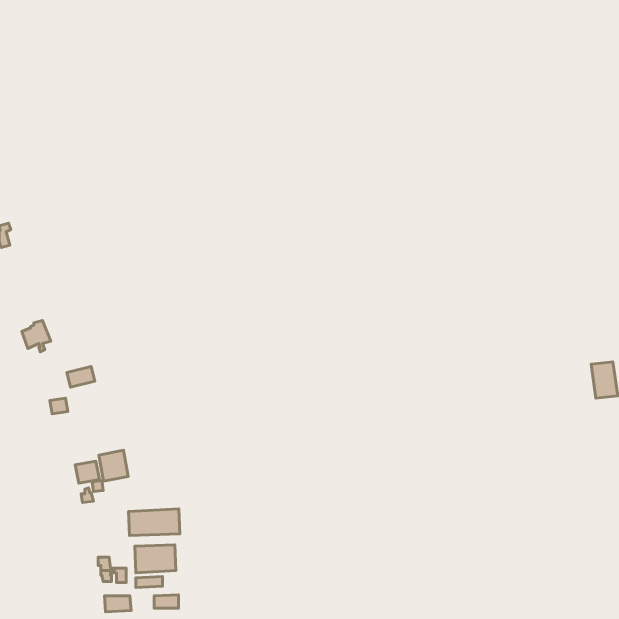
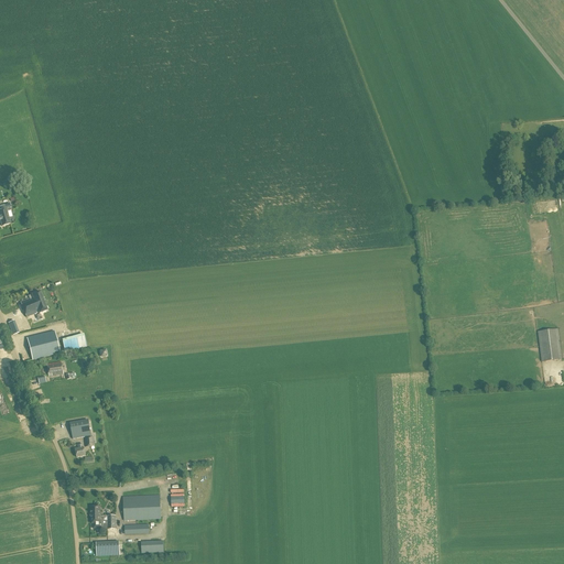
building: none -> [25,330,59,359]
building: [99,450,128,481] -> none
building: [129,509,180,536] -> none

